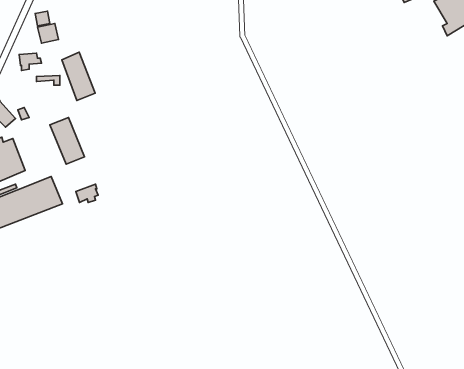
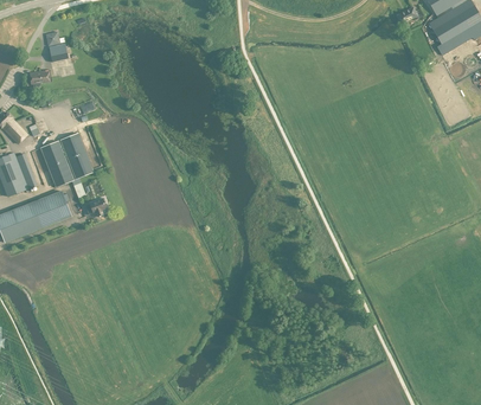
building: [62,52,95,100] -> [40,140,72,186]

